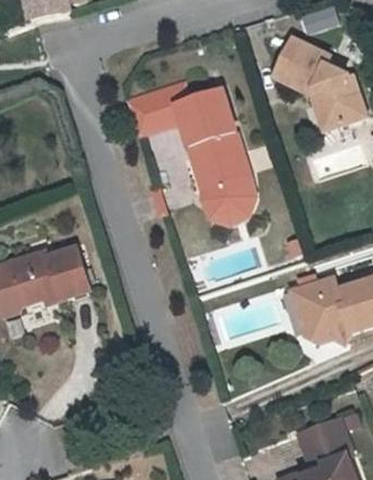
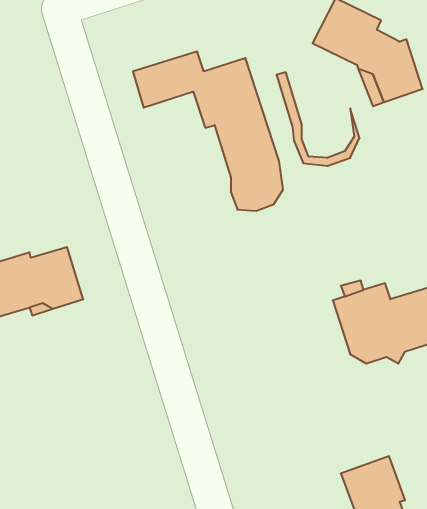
building: [188,145,256,222] -> [276,72,360,166]

